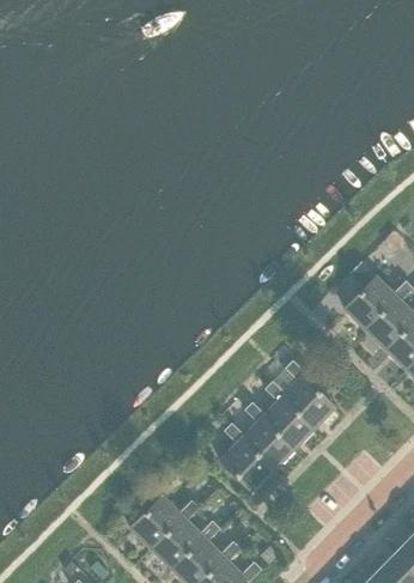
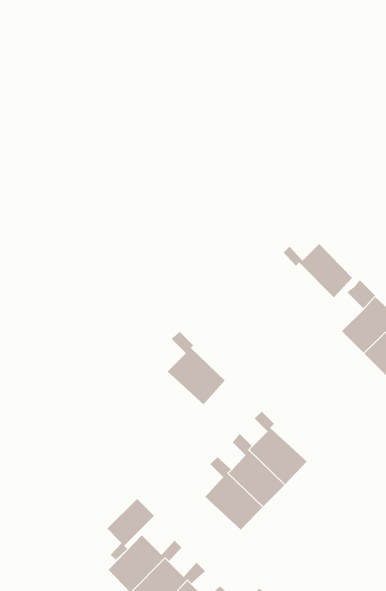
building: none -> [283,243,353,298]
building: [281,359,335,427] -> [167,331,226,405]
building: none -> [106,498,155,561]

